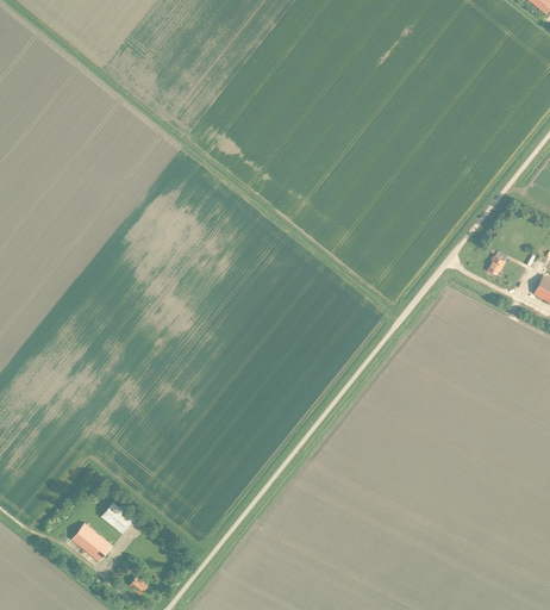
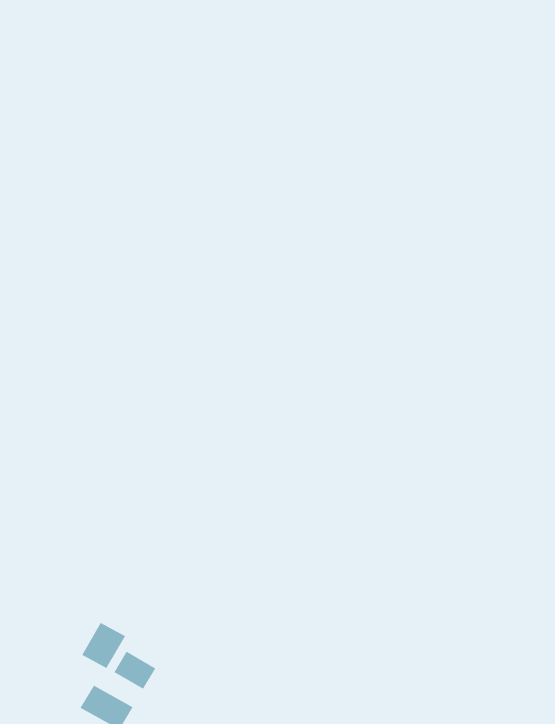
building: none -> [81,622,126,669]

